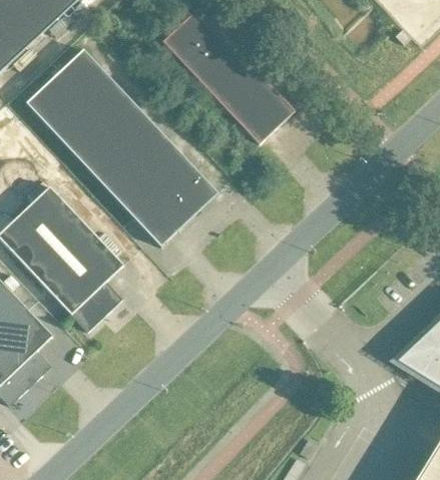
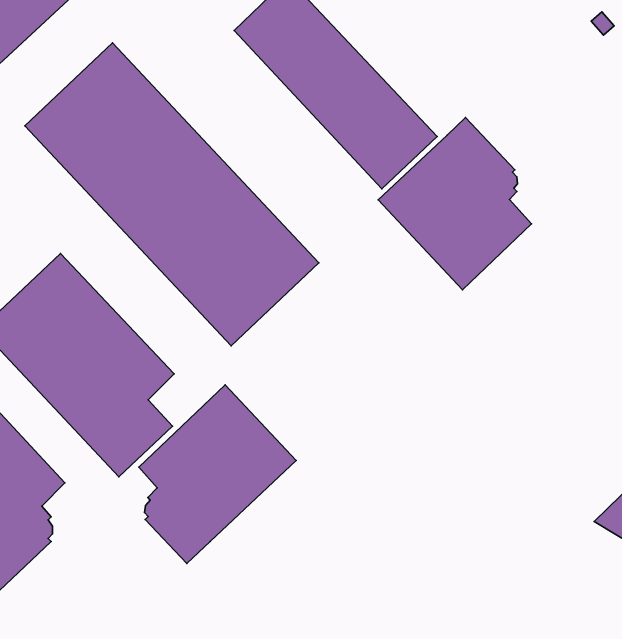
building: none -> [378,118,531,290]
building: none -> [139,385,296,563]

